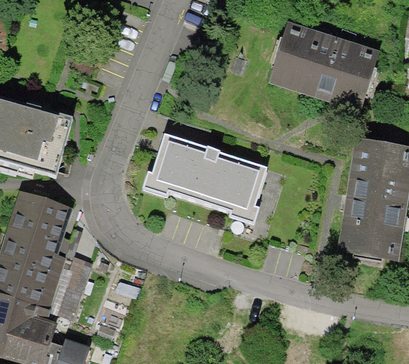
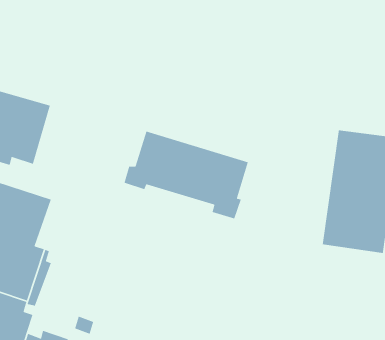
building: [268,22,381,115] -> none
building: [57,254,92,318] -> none

